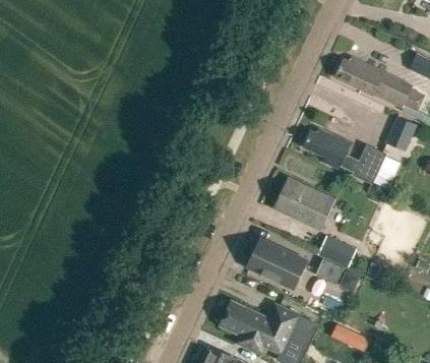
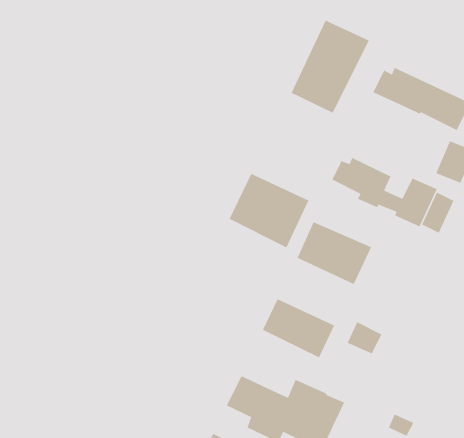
building: none -> [291,19,370,114]
building: none -> [229,173,309,249]
building: [318,233,358,267] -> none

